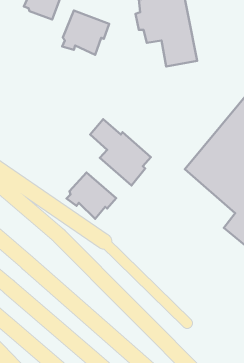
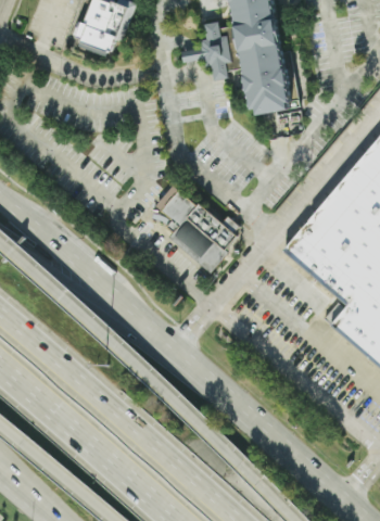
building: [62,10,109,55] -> none
building: [67,172,116,219] -> none

